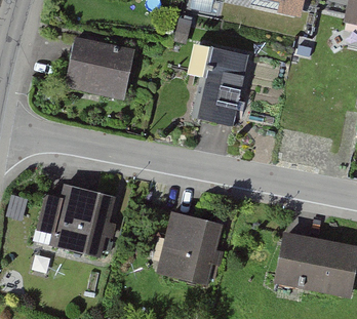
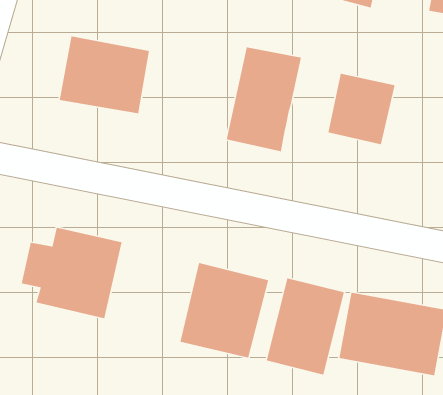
building: none -> [328,73,396,145]
building: none -> [266,277,345,375]

